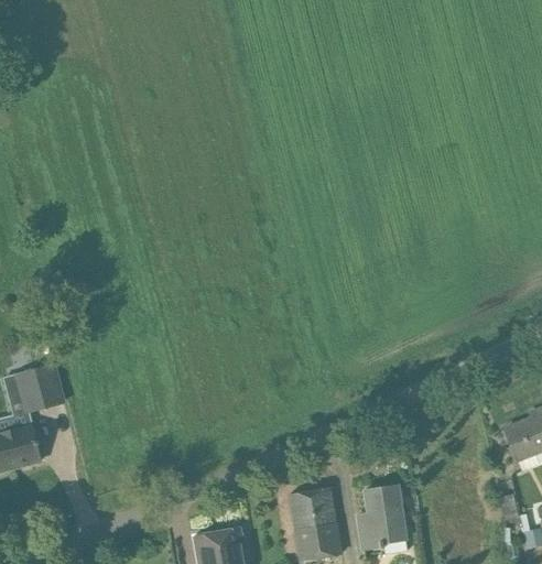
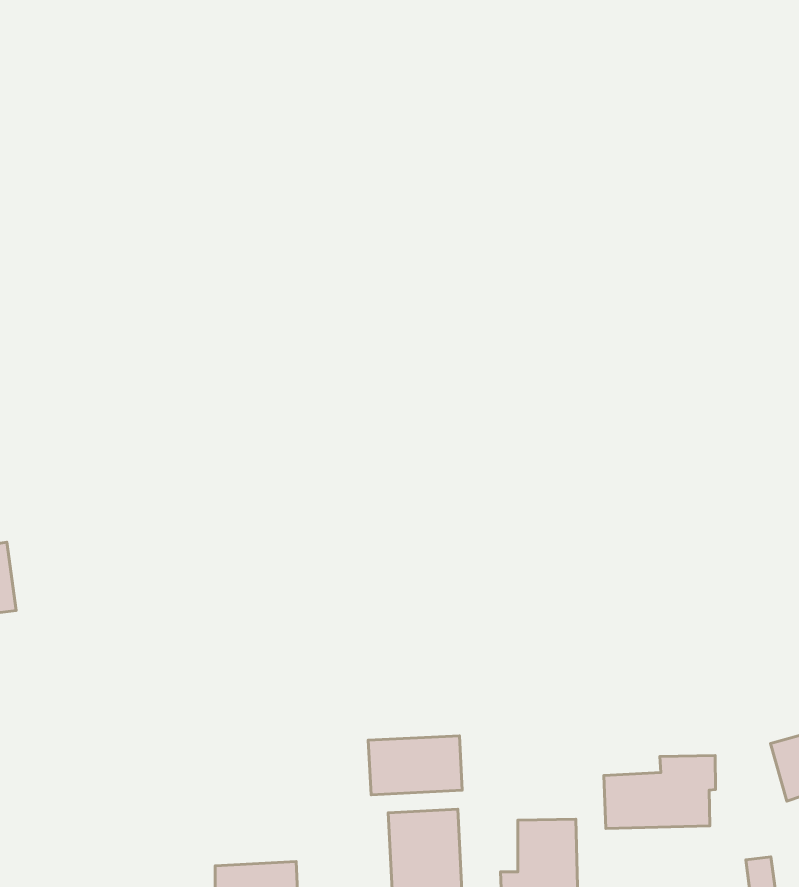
building: none -> [604,756,715,829]
building: none -> [368,736,462,795]

